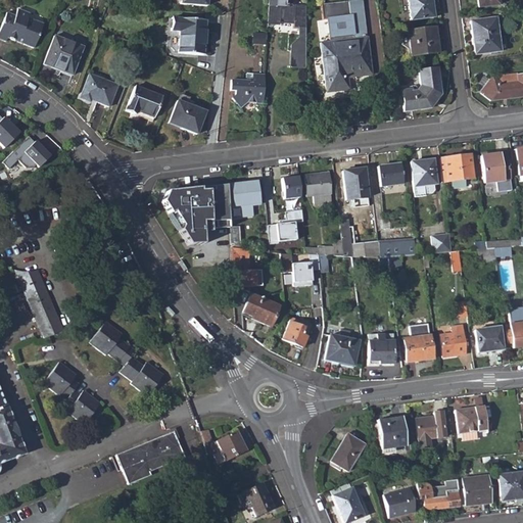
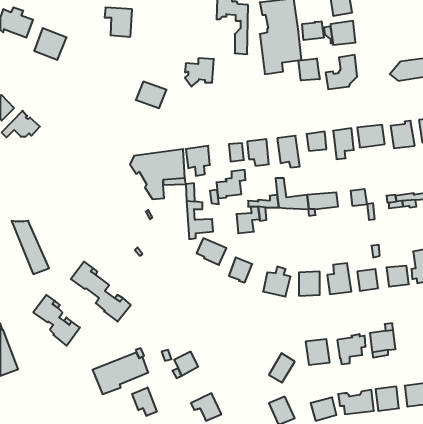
building: [472,16,502,53] -> none
building: [173,17,206,53] -> [105,8,132,37]
building: none -> [302,21,324,40]
building: none -> [299,58,320,81]
building: [83,73,120,104] -> none
building: [127,85,163,120] -> none
building: none -> [132,387,157,416]

